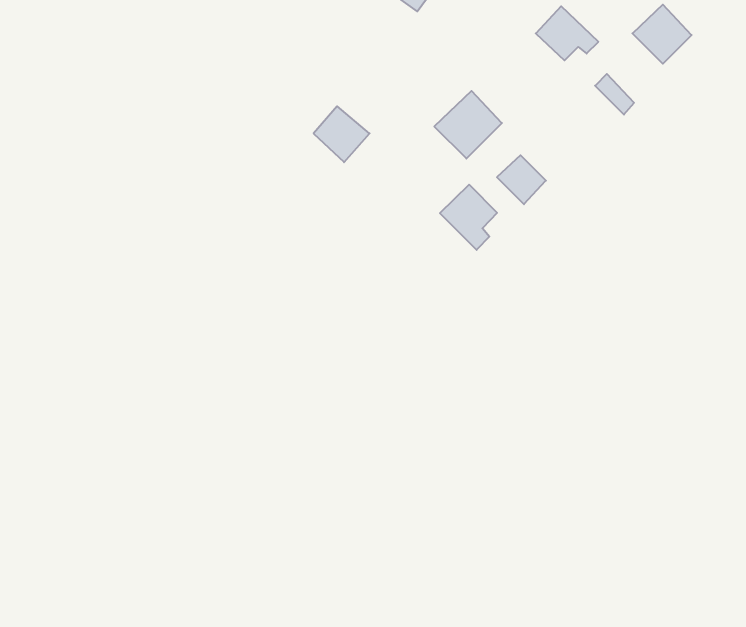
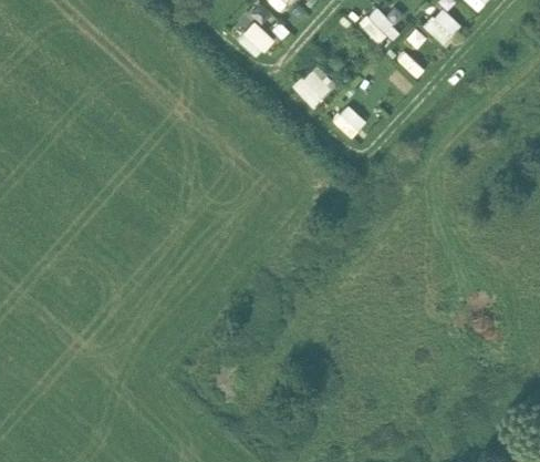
building: [314,106,370,162] -> [237,21,273,58]
building: [440,185,497,250] -> none

